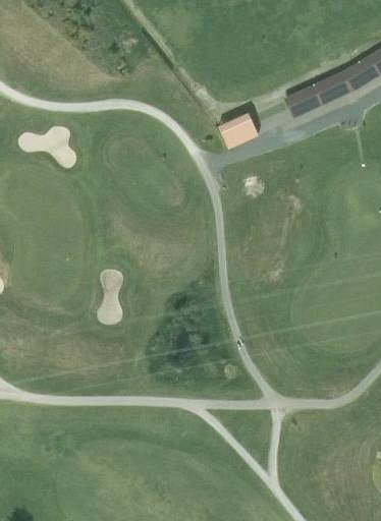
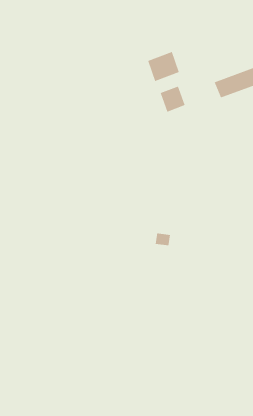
building: none -> [147,51,179,82]

